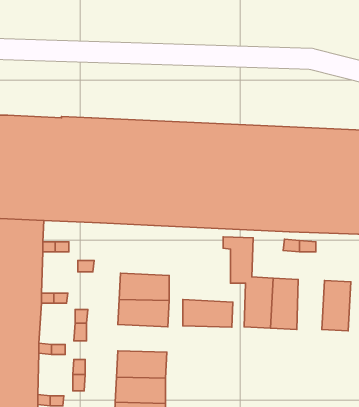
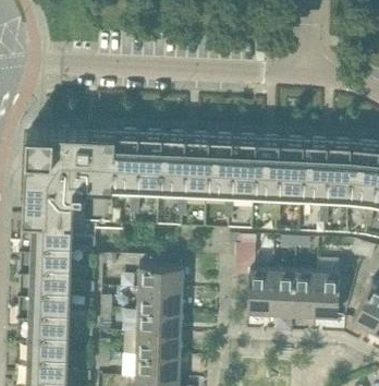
building: none -> [294,270,318,314]
building: [183,300,233,327] -> [138,310,182,334]

